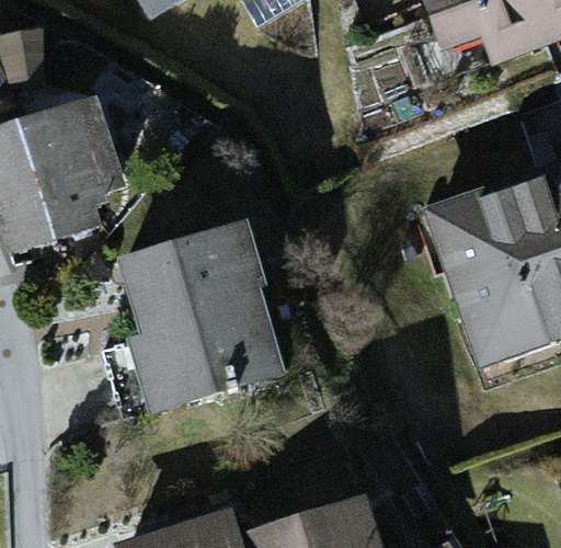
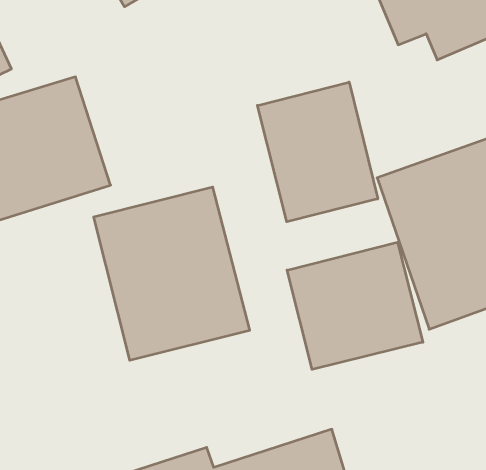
building: none -> [257,82,378,222]
building: none -> [287,242,423,369]

